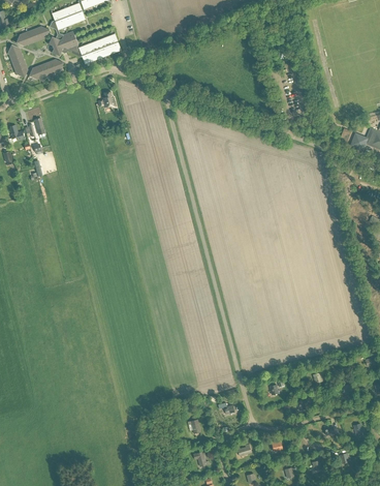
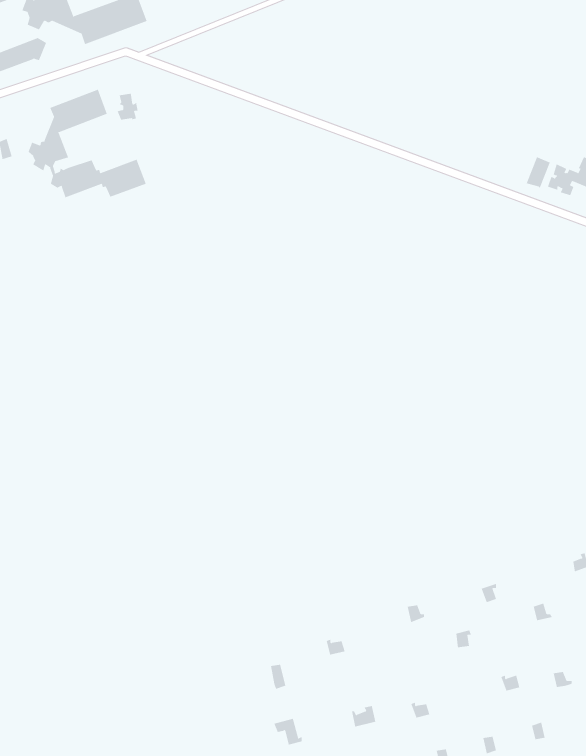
building: none -> [28,89,147,198]

